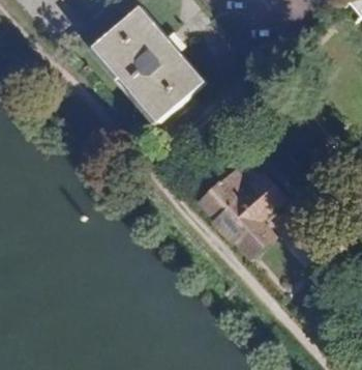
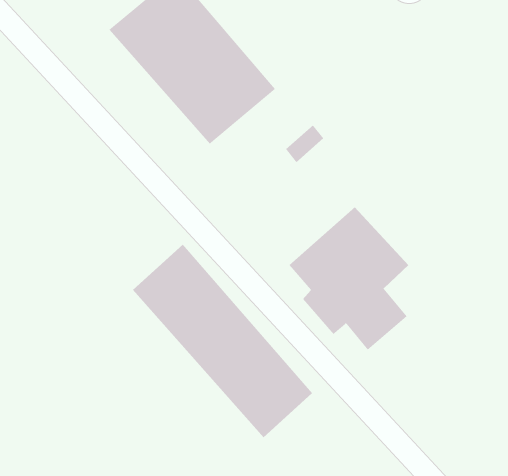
building: none -> [132,244,313,438]

